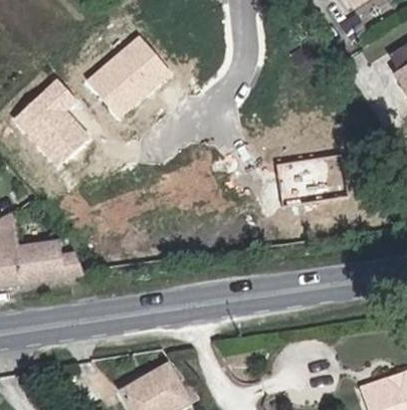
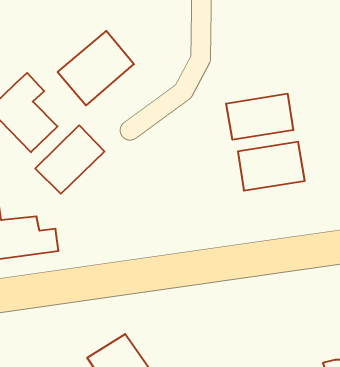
building: none -> [226,94,293,140]
building: none -> [35,125,104,194]

